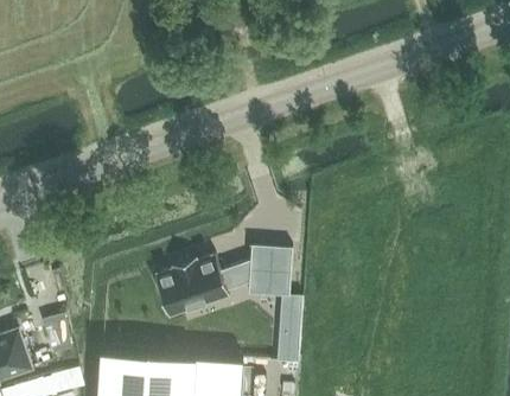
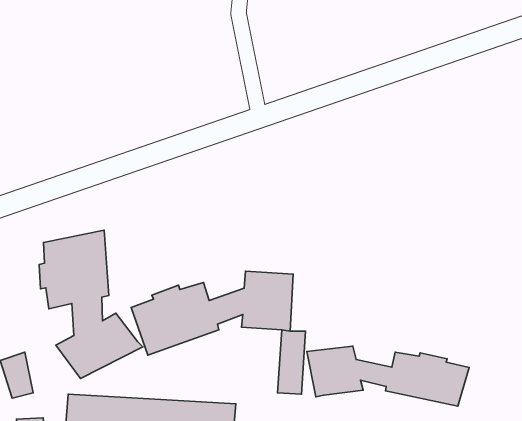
building: none -> [39,230,143,379]
building: none -> [307,346,469,406]

